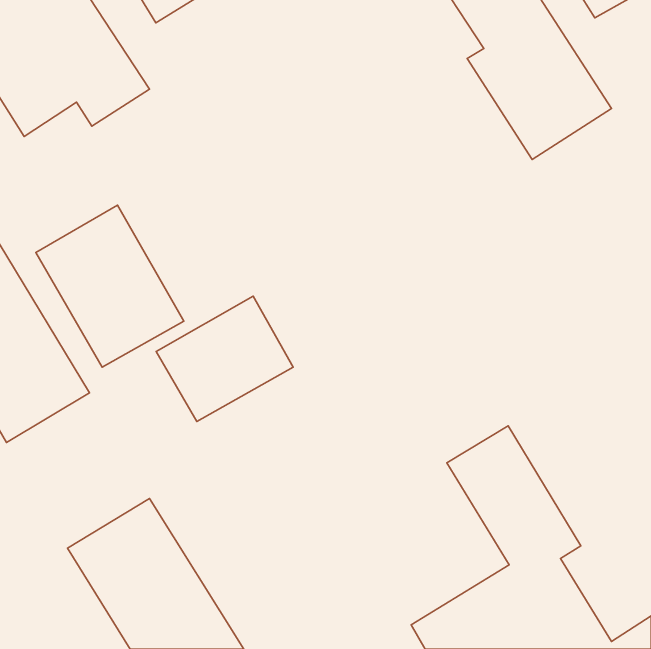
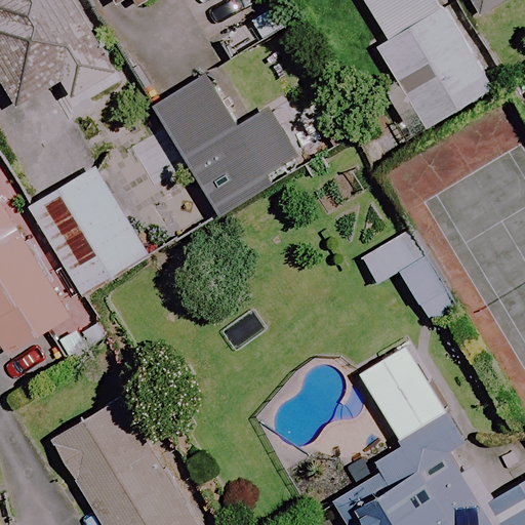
building: none -> [153,72,273,215]
building: none -> [362,231,454,323]
building: [156,296,293,421] -> none

